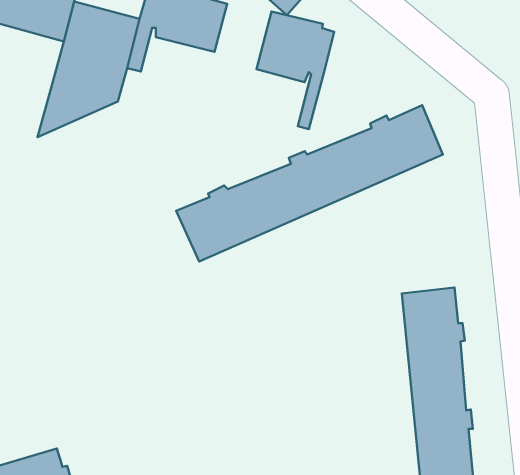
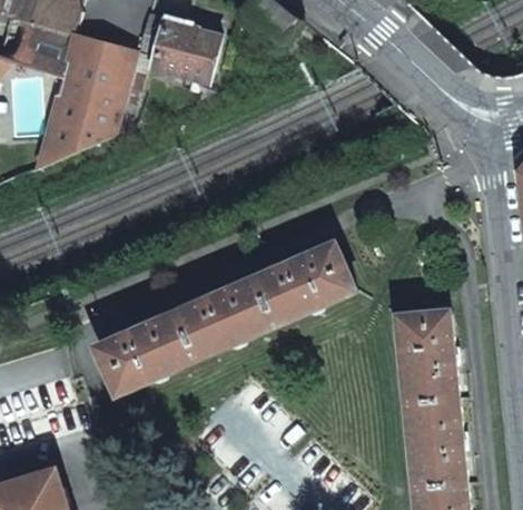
building: [257,12,334,129] -> none
building: [176,105,443,261] -> [100,242,358,393]

